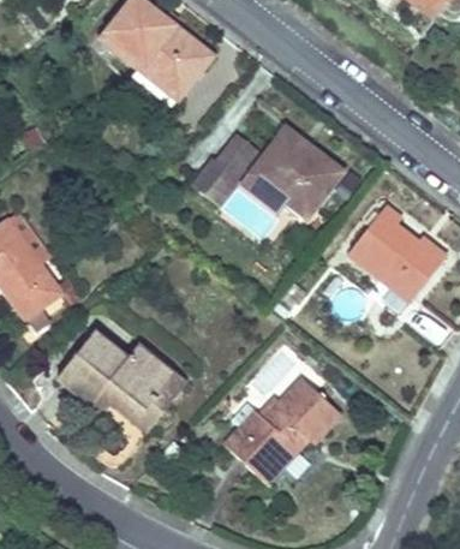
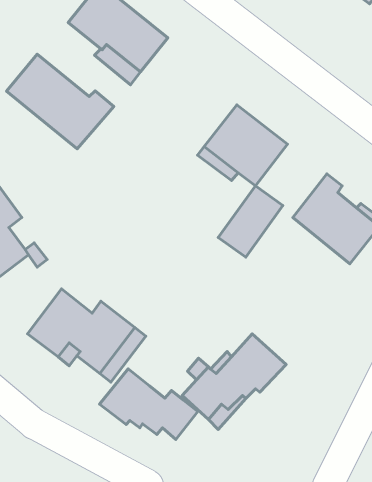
building: none -> [7,54,114,149]
building: [191,129,262,207] -> [218,186,283,257]
building: none -> [100,369,198,440]

